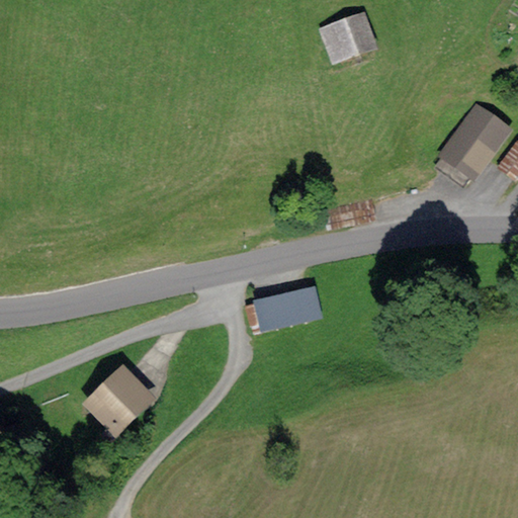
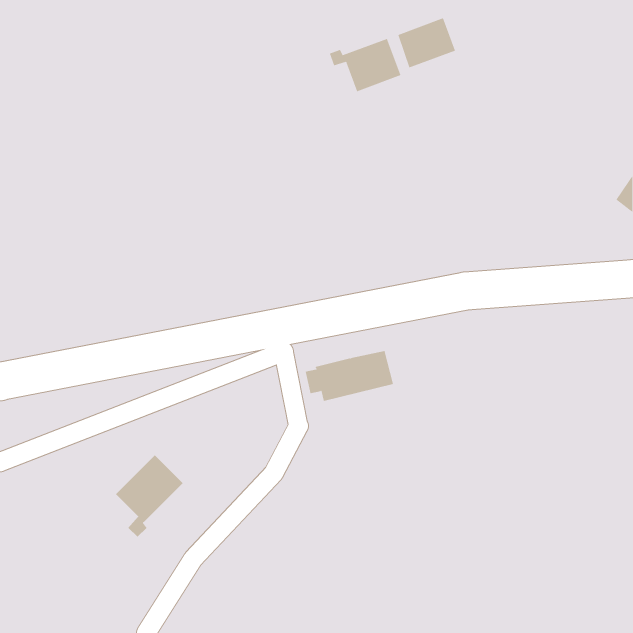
building: none -> [329,38,401,92]
building: [438,108,506,182] -> none

